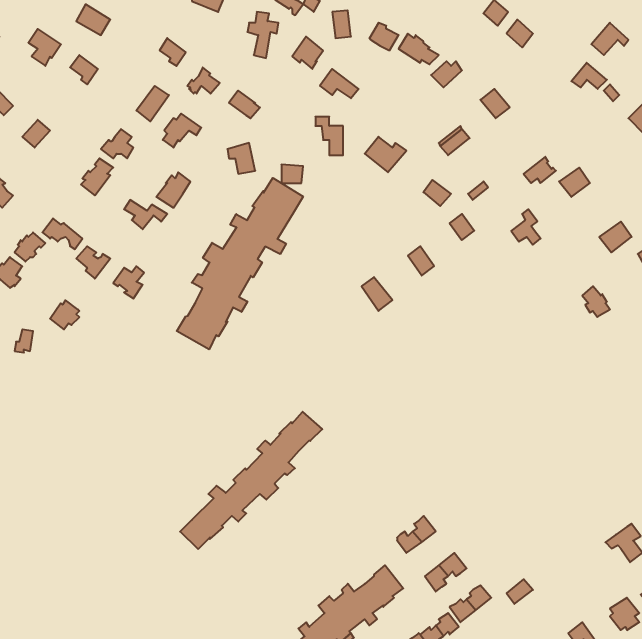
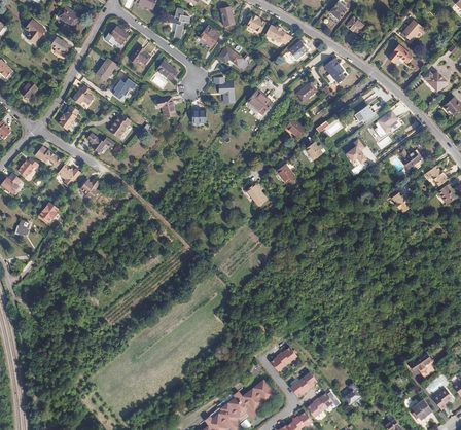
building: [177,178,303,349] -> none
building: [180,412,322,549] -> none

